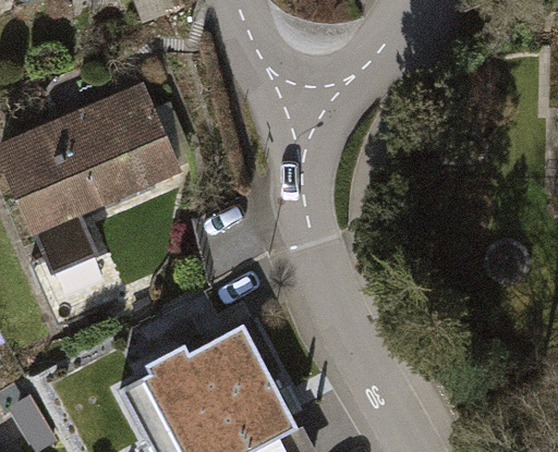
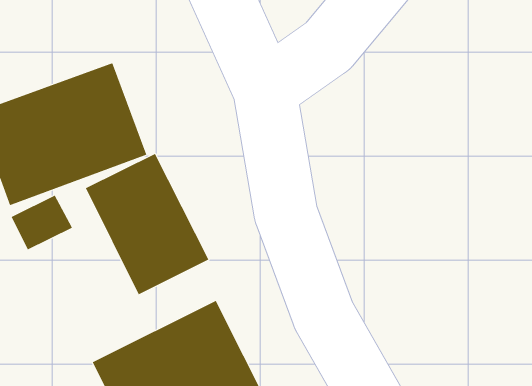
building: none -> [85,153,209,295]

